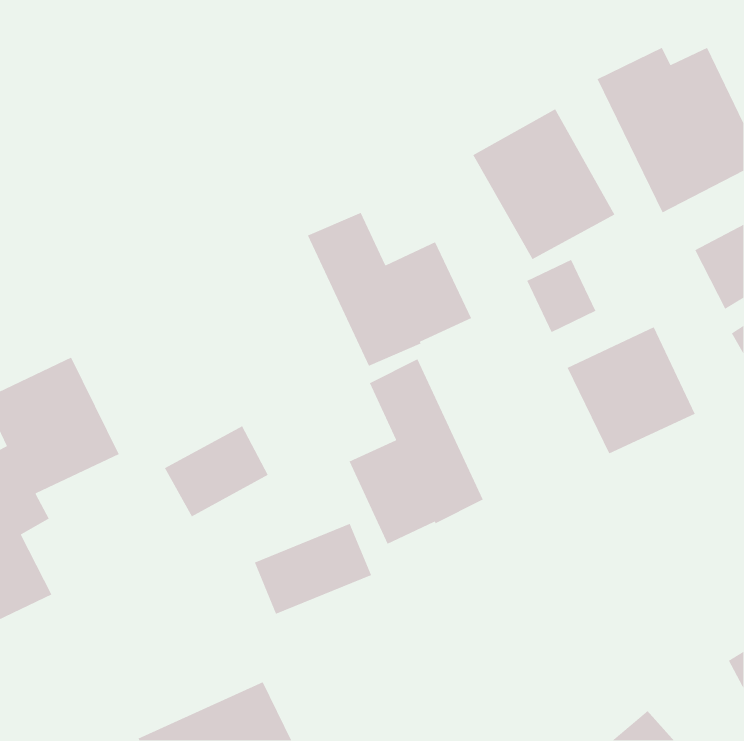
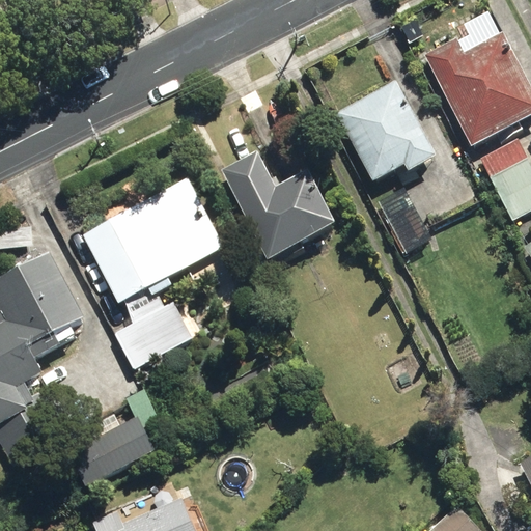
building: none -> [81,176,227,306]
building: [567,326,696,454] -> none
building: [349,358,484,545] -> none
building: [254,523,372,615] -> [72,419,156,484]

